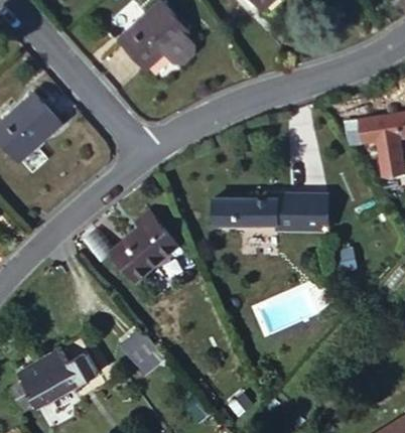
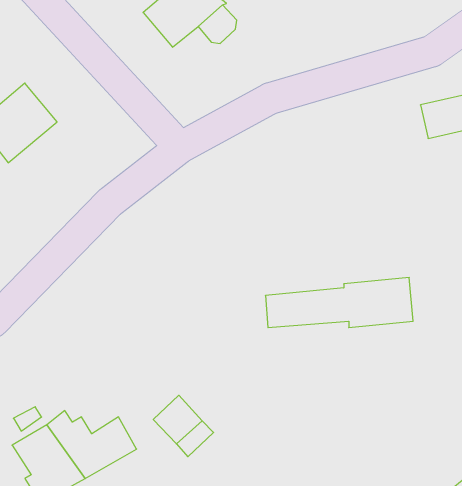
building: [230,194,346,234] -> [265,278,413,328]
building: [104,207,169,279] -> none

